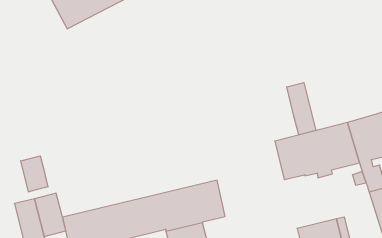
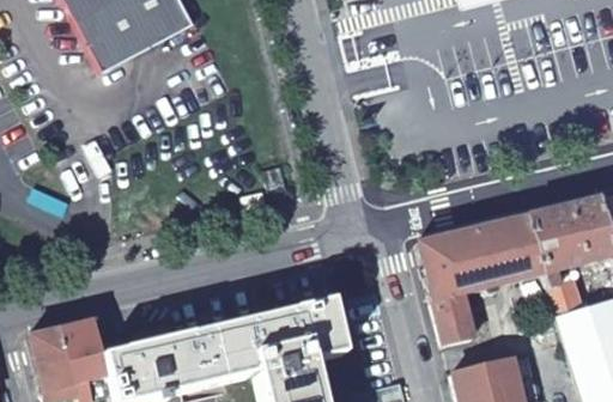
building: [287,83,316,135] -> none
building: [21,156,48,192] -> none
building: none -> [431,290,474,342]

